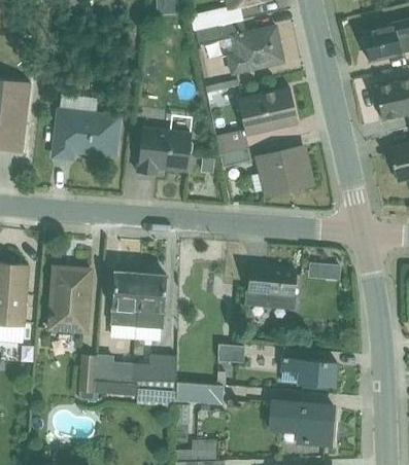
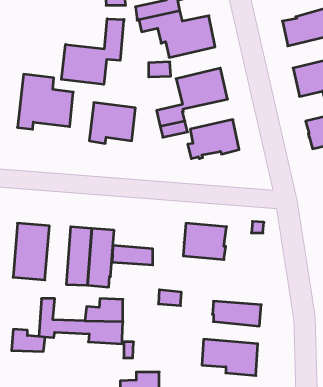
building: none -> [61,19,124,84]
building: [95,354,134,380] -> [12,329,45,351]
building: [175,381,223,403] -> [112,245,153,265]

